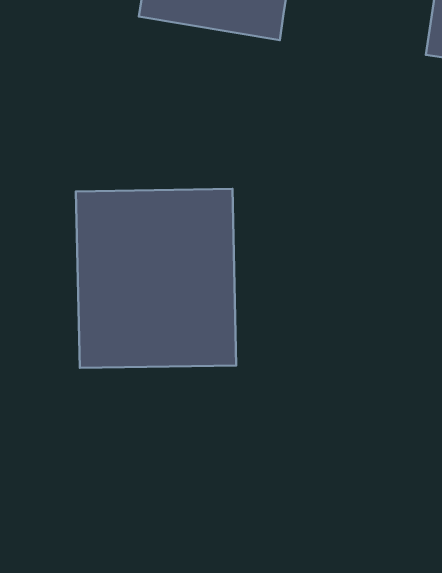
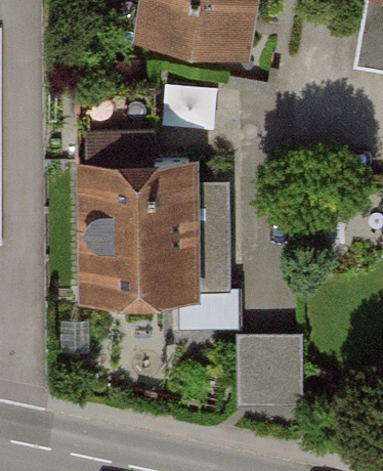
building: none -> [240,335,306,405]

